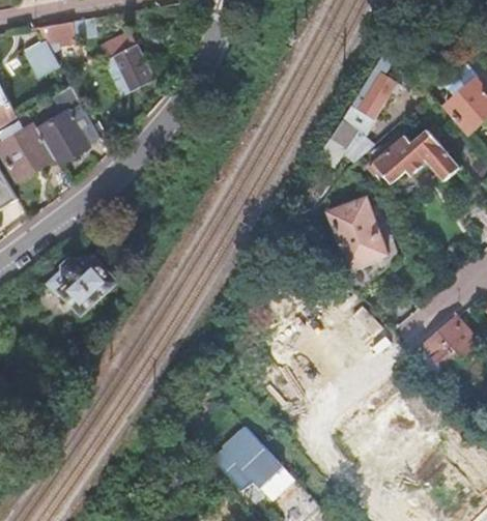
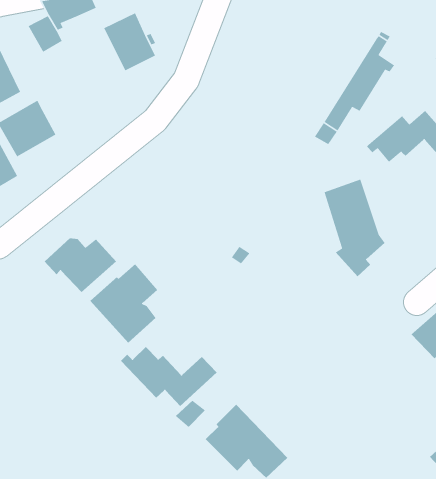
building: [44,100,107,162] -> none
building: none -> [89,263,158,344]
building: none -> [120,346,217,407]

